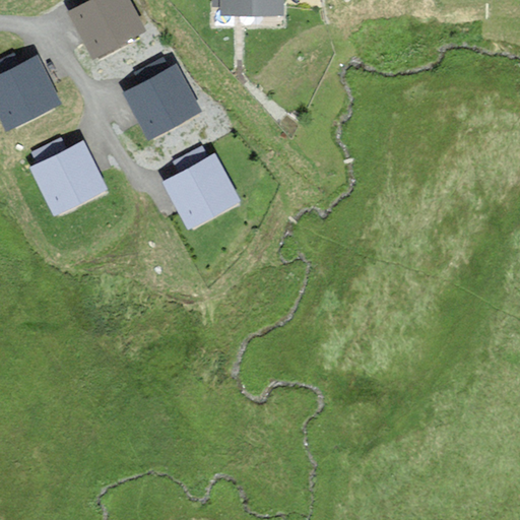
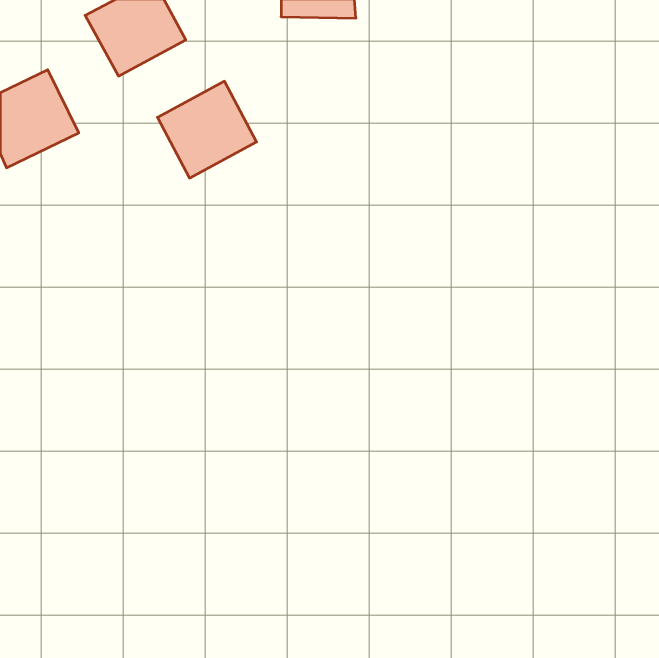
building: [30,140,108,216] -> none
building: [161,153,241,230] -> none

